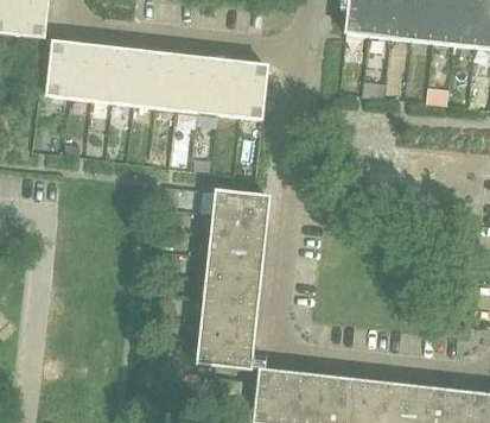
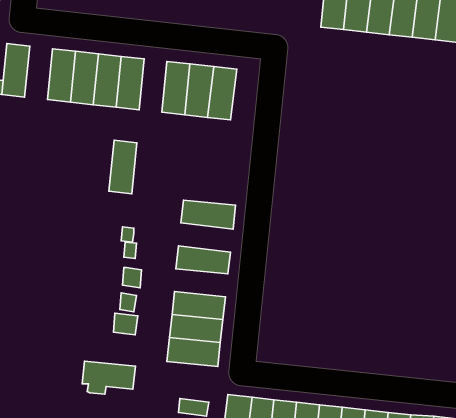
building: [69,46,95,96] -> none
building: [176,58,202,108] -> [109,140,137,194]
building: [212,212,263,239] -> none
building: [209,254,259,280] -> none
building: [199,341,249,372] -> [82,361,135,394]

